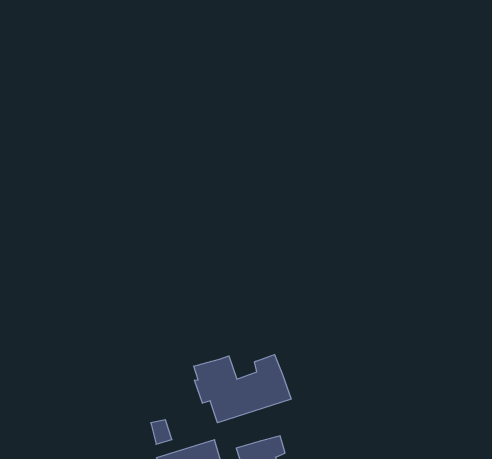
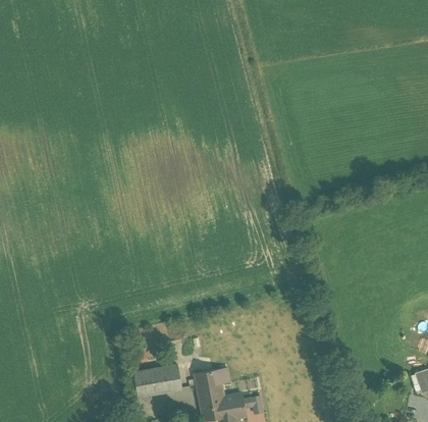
building: [194,355,291,423] -> none

